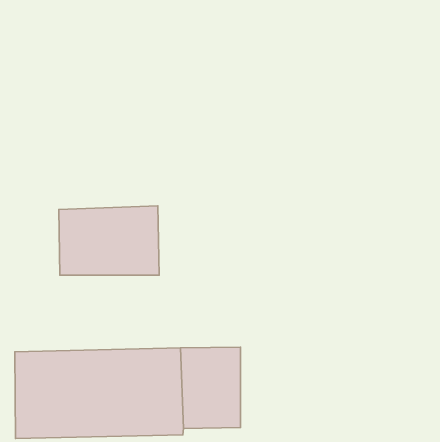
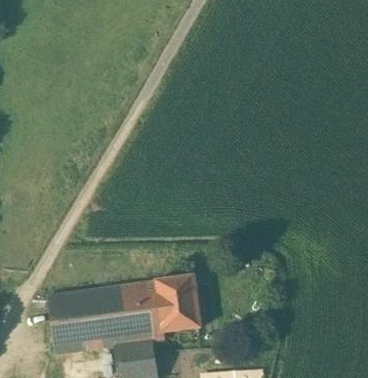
building: [59,206,159,275] -> none

